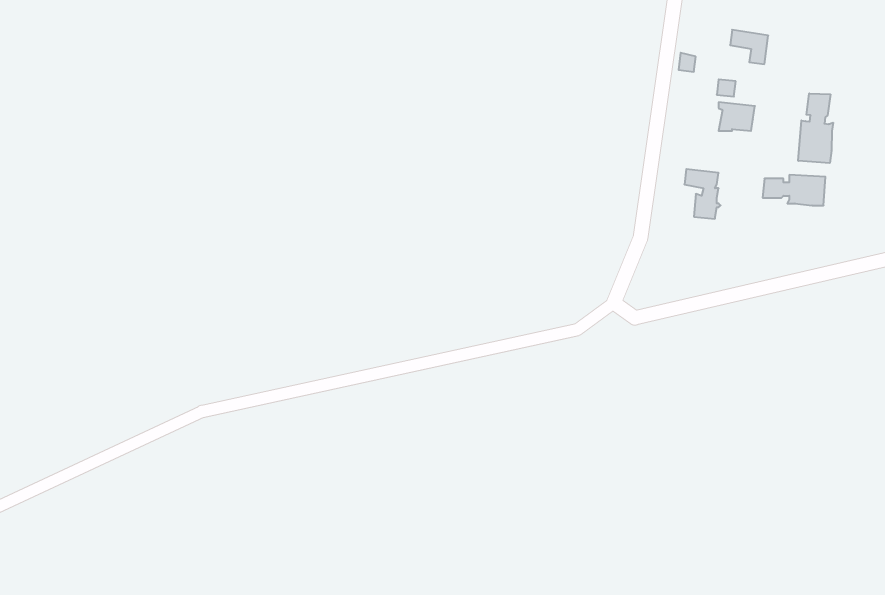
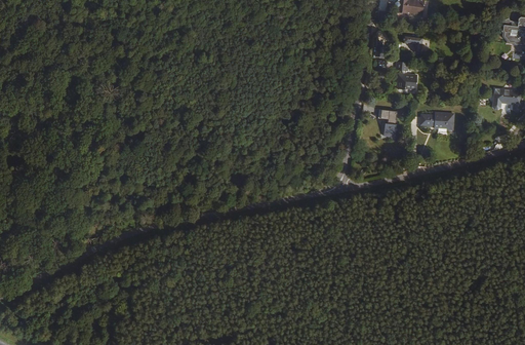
building: [798,93,833,163] -> none

